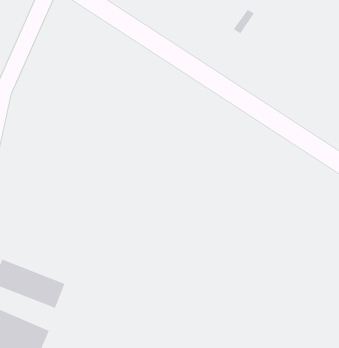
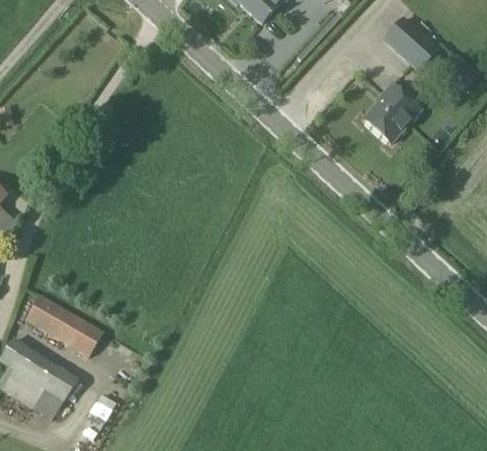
building: none -> [363,83,421,142]

